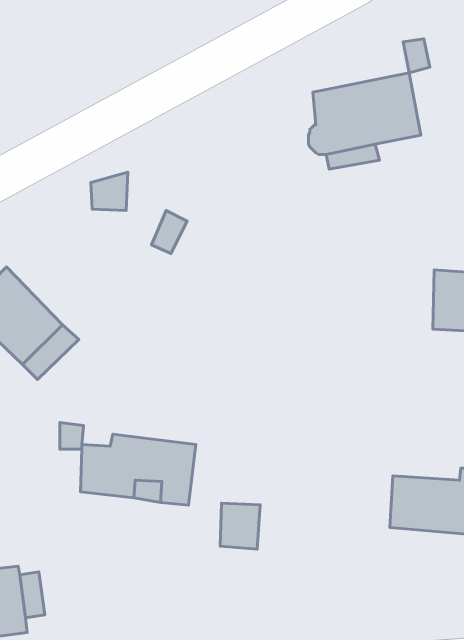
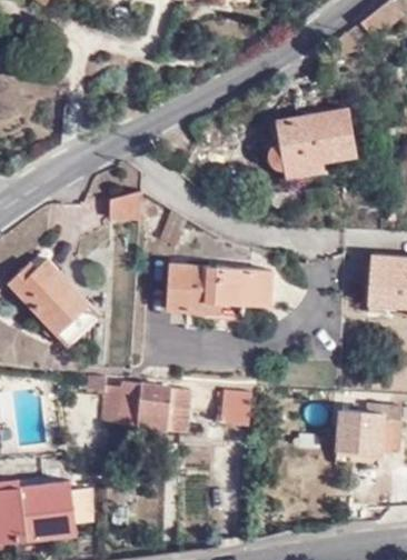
building: none -> [163,264,268,312]
building: [220,503,260,549] -> [220,390,250,424]

